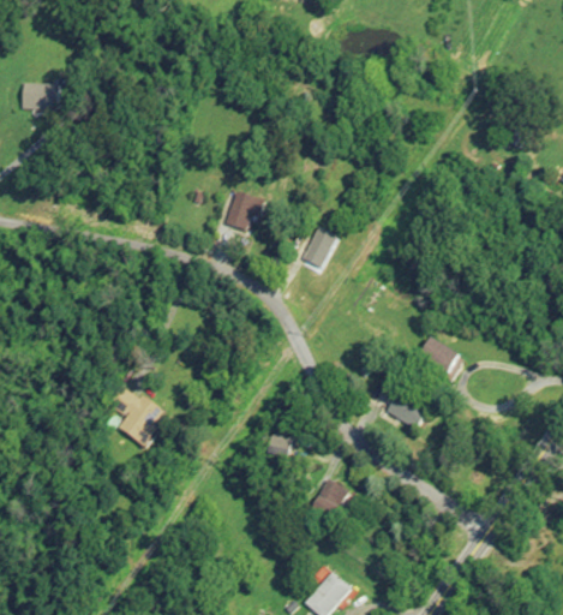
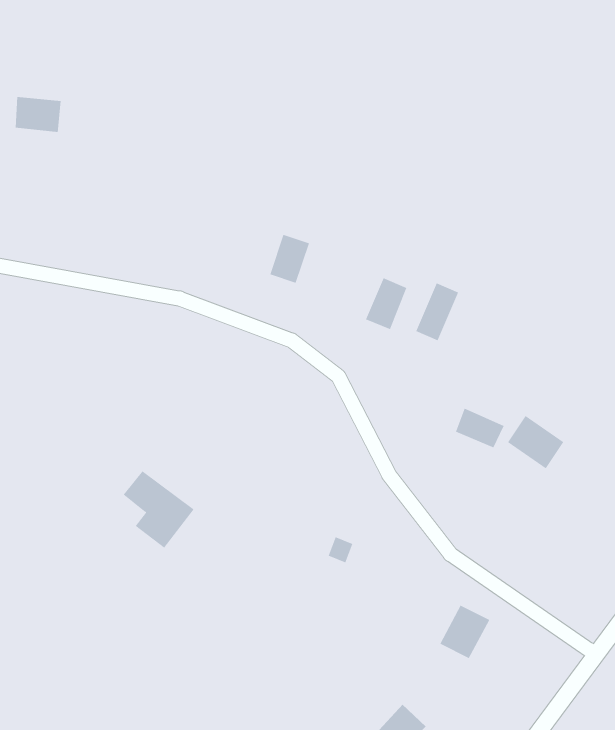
building: none -> [415,283,459,341]
building: [385,392,425,424] -> [455,408,504,448]
building: [311,479,352,523] -> [439,605,490,659]

